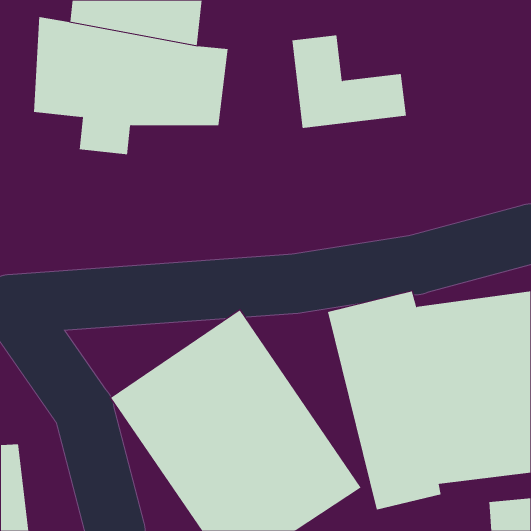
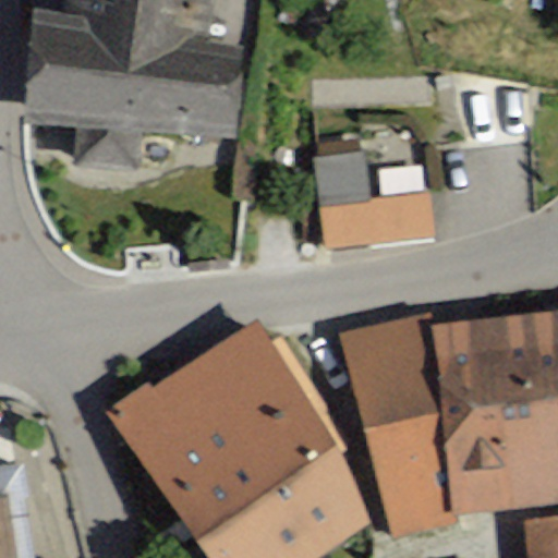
building: [291,35,407,128] -> [319,154,440,252]

